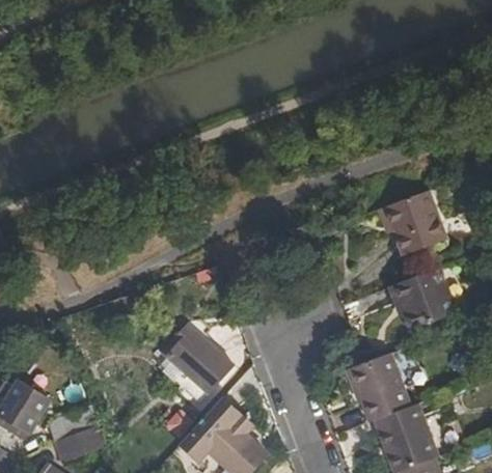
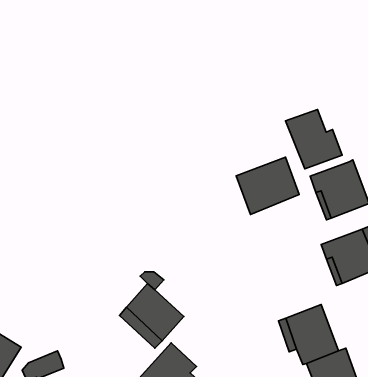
building: none -> [286,109,342,169]
building: none -> [236,157,299,215]

